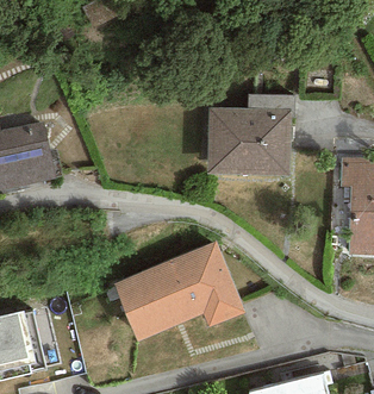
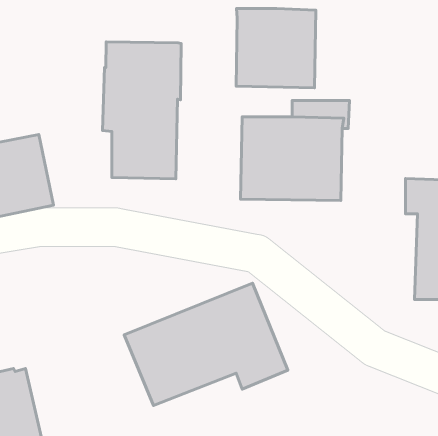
building: none -> [236,8,316,88]
building: none -> [102,42,181,179]

